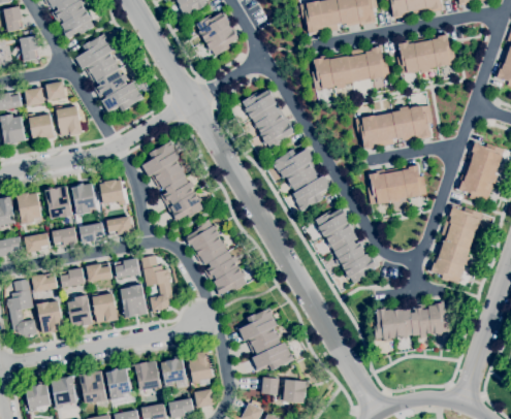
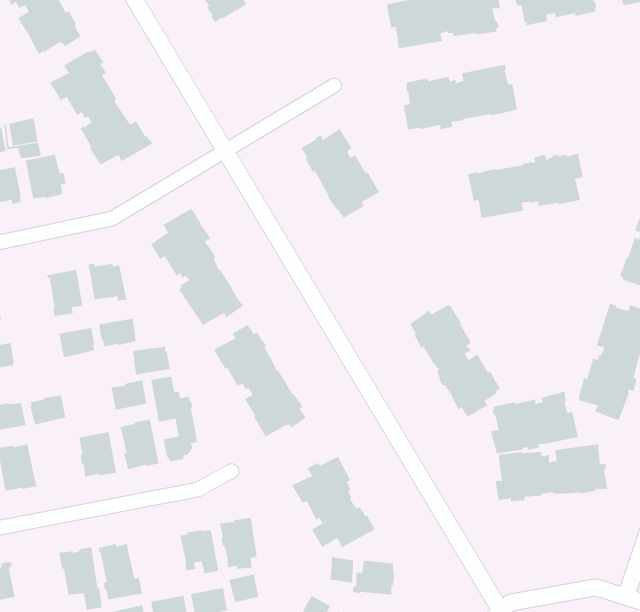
building: [196,11,241,57] -> none
building: [396,33,456,74] -> none
building: [273,148,332,212] -> none
building: [368,163,427,205] -> [490,391,579,454]
building: [45,187,73,220] -> none
building: [52,227,78,247] -> none
building: [87,263,113,283] -> [132,346,170,375]
building: [68,295,93,327] -> none
building: [131,361,162,391] -> none
building: [52,376,76,410] -> none

